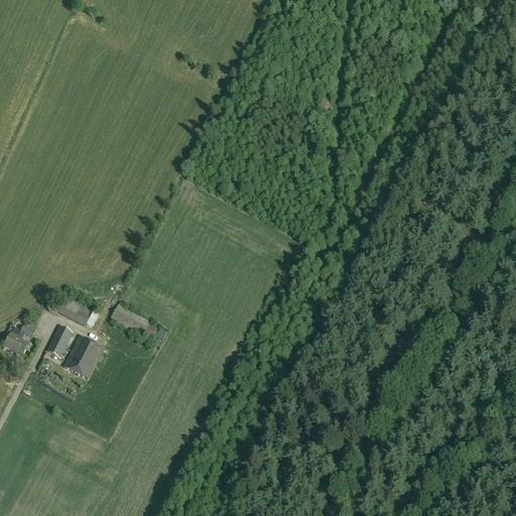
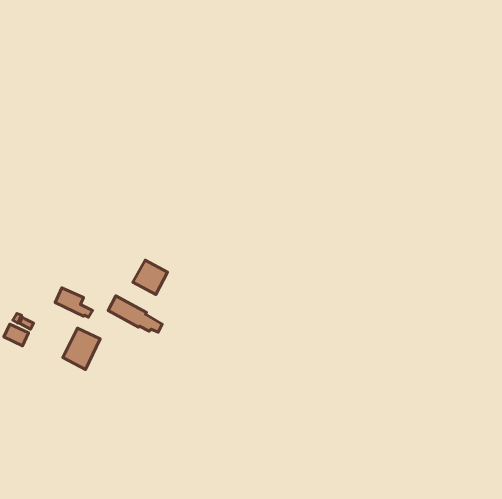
building: none -> [133,260,167,295]
building: [47,326,73,358] -> none

